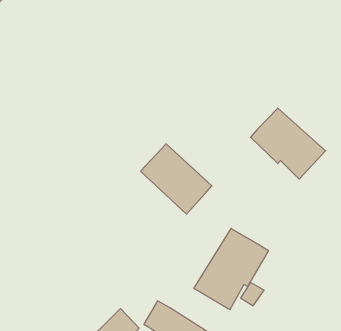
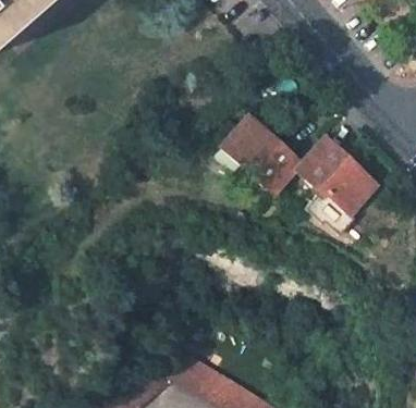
building: [141,144,212,214] -> [222,114,302,193]
building: [194,228,268,310] -> none

